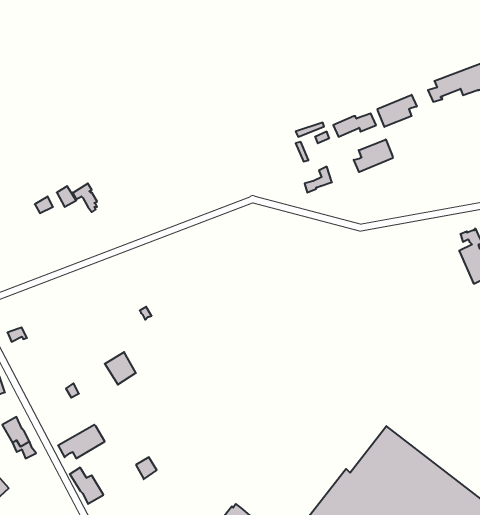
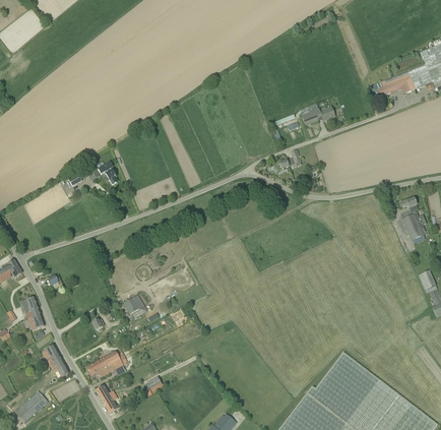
building: [377,95,417,127] -> none
building: [354,139,393,172] -> none

